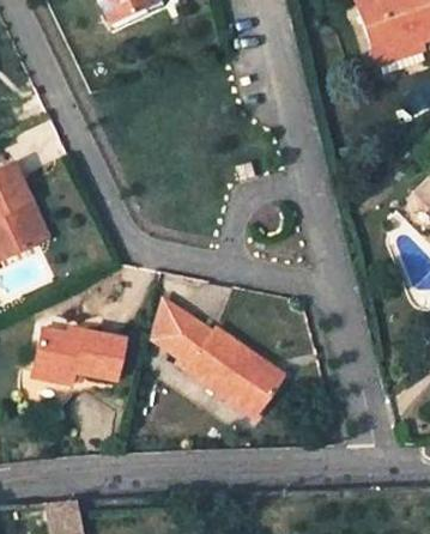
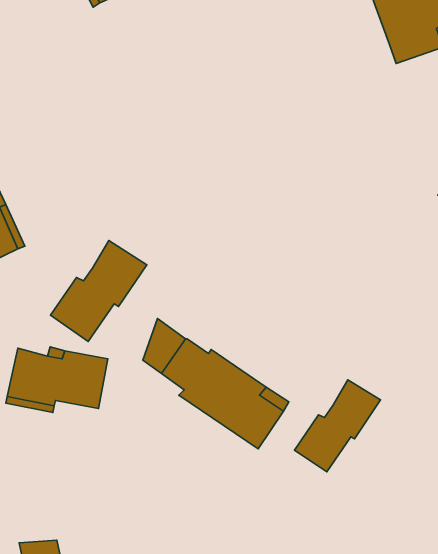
building: none -> [50,241,147,341]
building: none -> [295,380,380,472]

